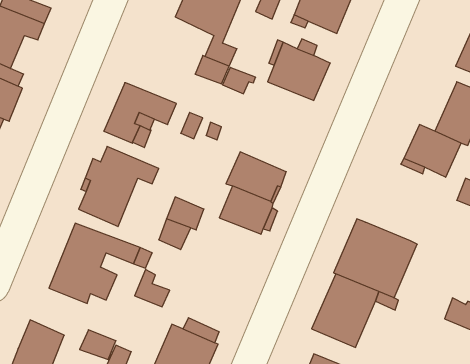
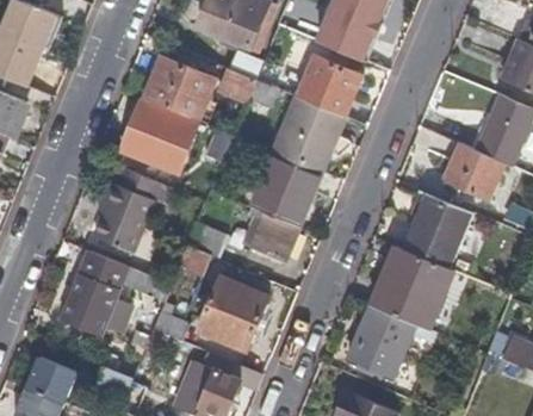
building: none -> [142,56,215,122]
building: none -> [273,97,346,173]
building: none -> [402,194,473,269]
building: none -> [199,277,267,352]

